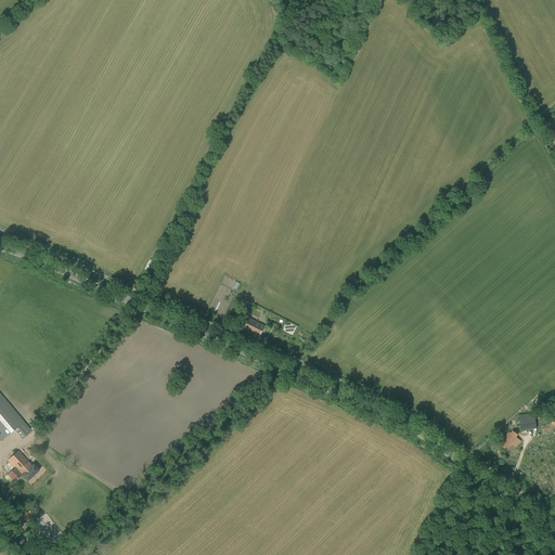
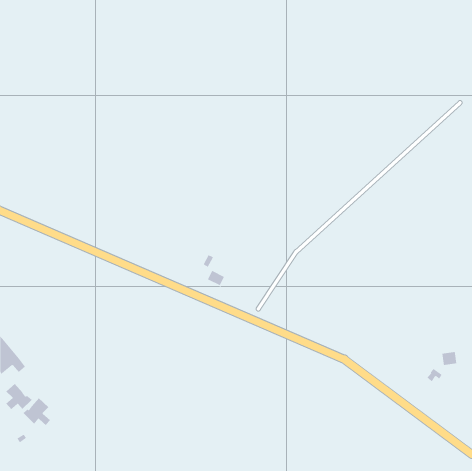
building: none -> [22,398,51,426]

